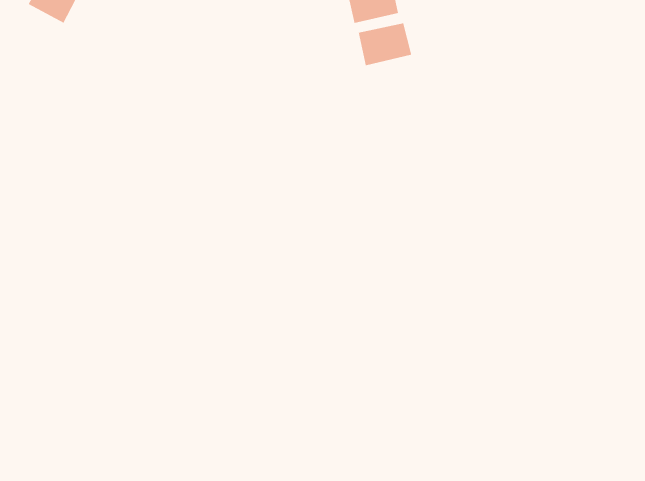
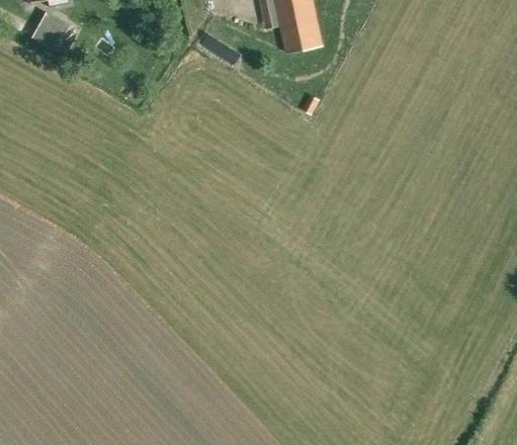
building: [358,22,412,66] -> none

